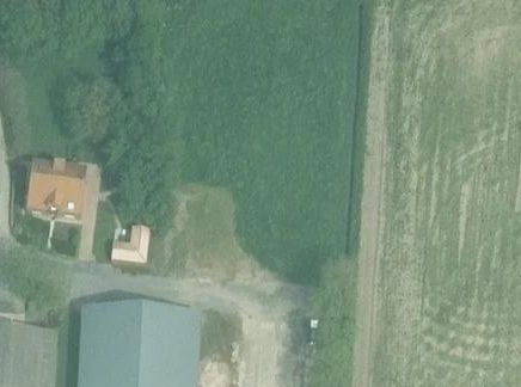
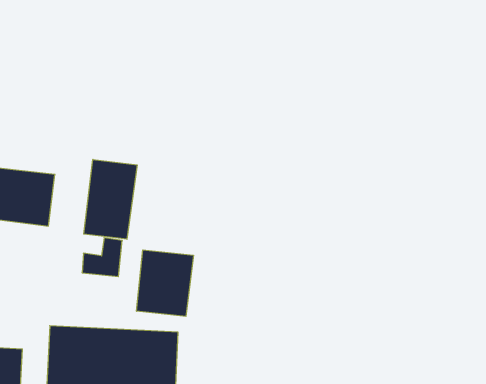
building: none -> [84,159,137,239]
building: none -> [137,250,193,316]

